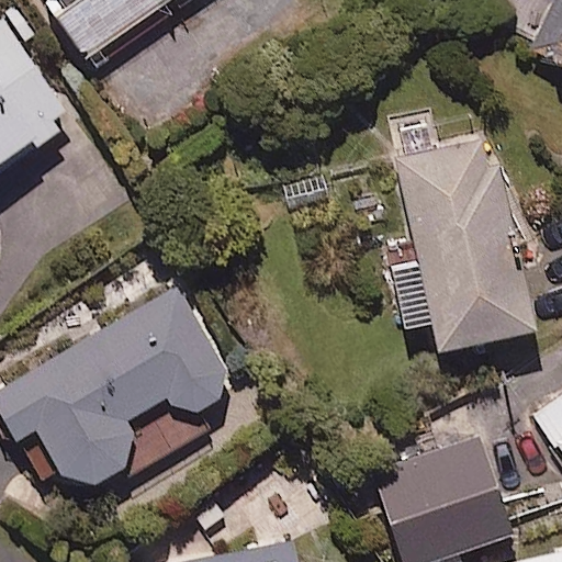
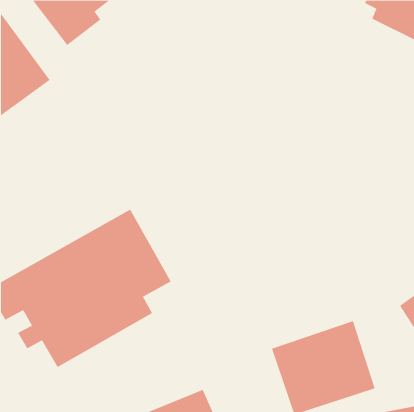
building: [383,140,529,341] -> none

